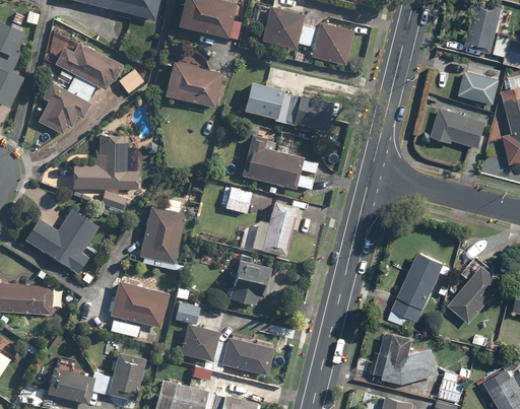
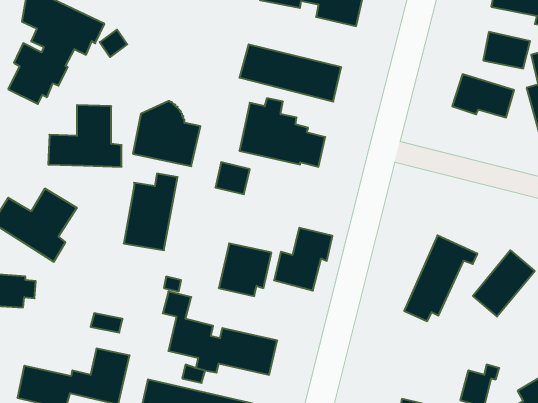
building: [162,50,222,108] -> [133,101,200,166]
building: [99,189,127,211] -> none
building: [250,200,302,256] -> [274,228,332,291]
building: [109,281,168,326] -> none
building: [375,331,440,383] -> none

